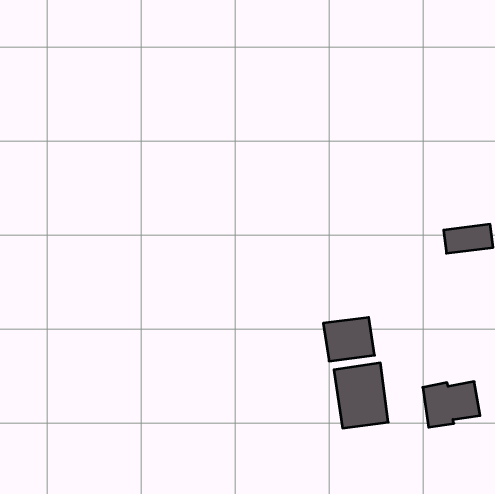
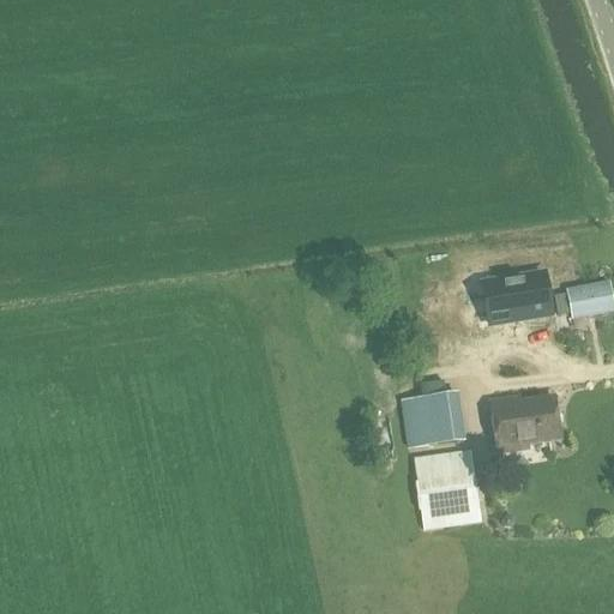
building: none -> [483,272,550,324]
building: [423,382,480,427] -> [490,395,561,451]

